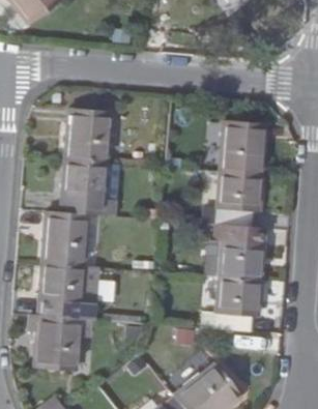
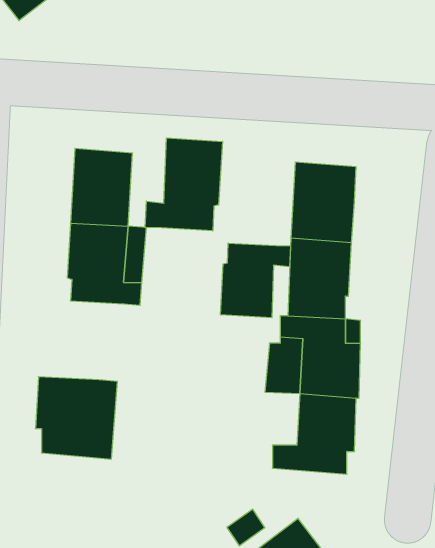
building: none -> [145,138,222,231]
building: none -> [221,243,290,318]
building: [44,215,102,269] -> none
building: [31,318,93,376] -> none

